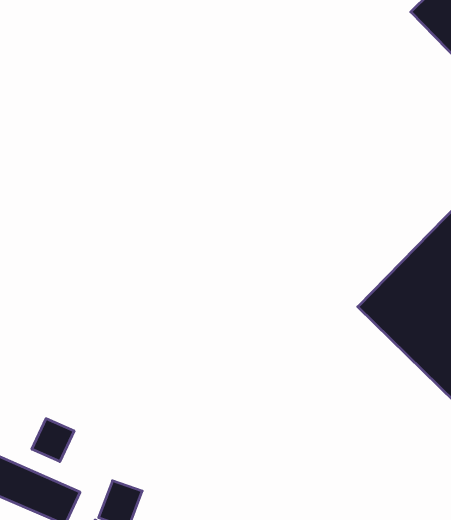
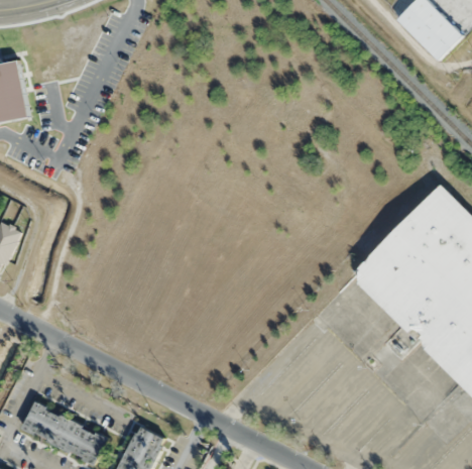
building: [32,419,74,462] -> none

